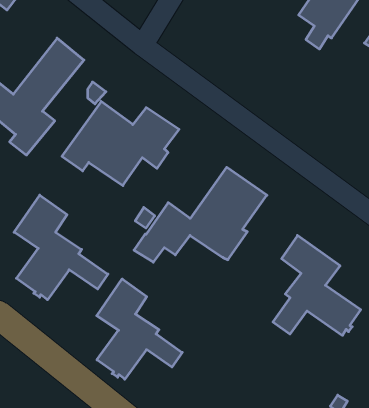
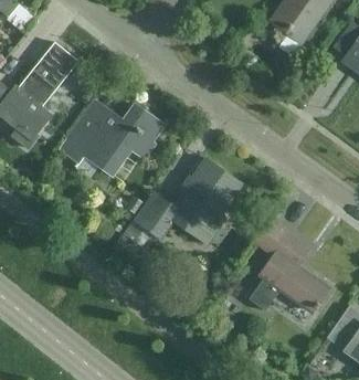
building: [14,195,108,300] -> none
building: [97,279,182,379] -> none

